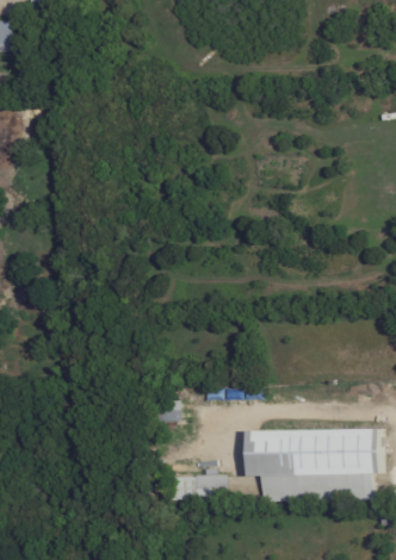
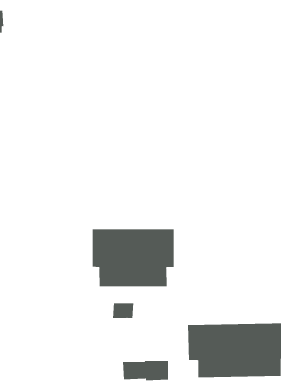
building: none -> [92,228,174,287]

